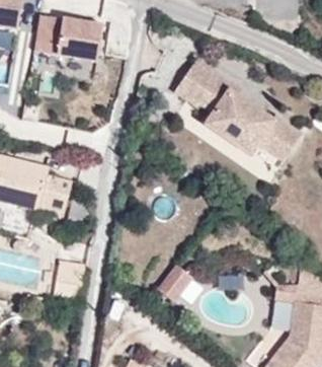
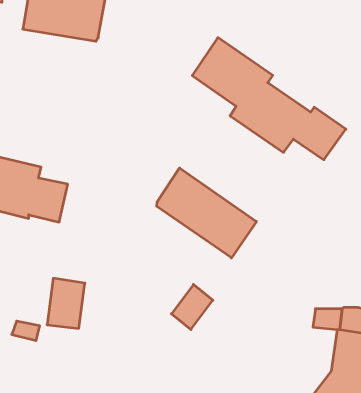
building: none -> [157,168,256,258]

